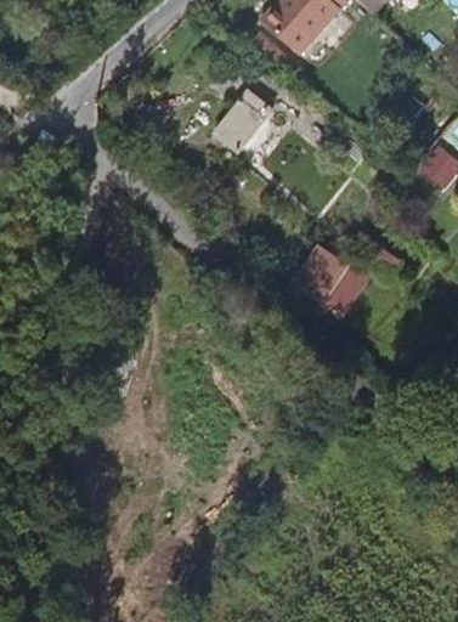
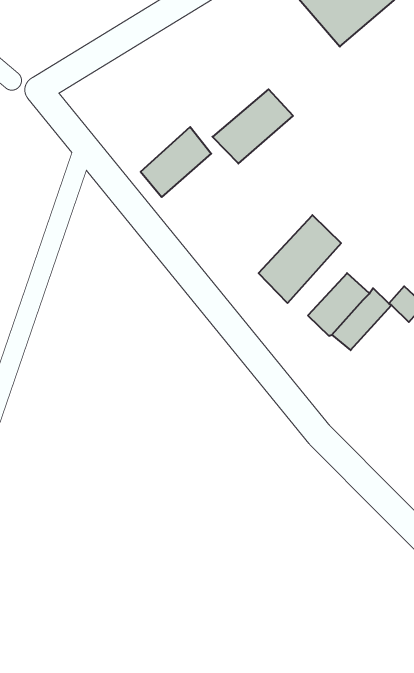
building: none -> [141,127,211,197]
building: none -> [259,215,341,303]

